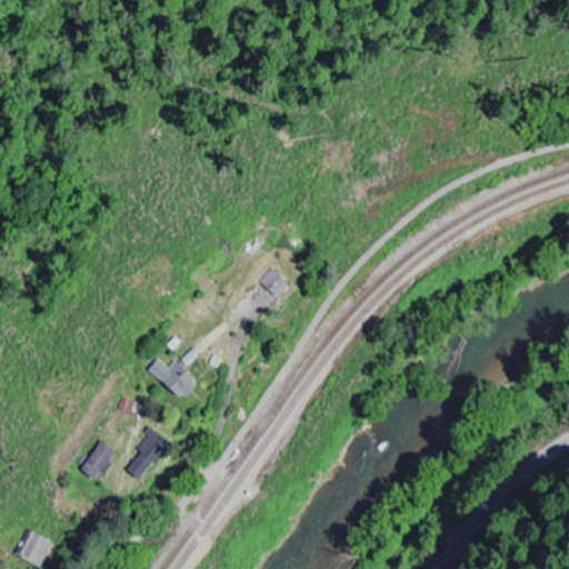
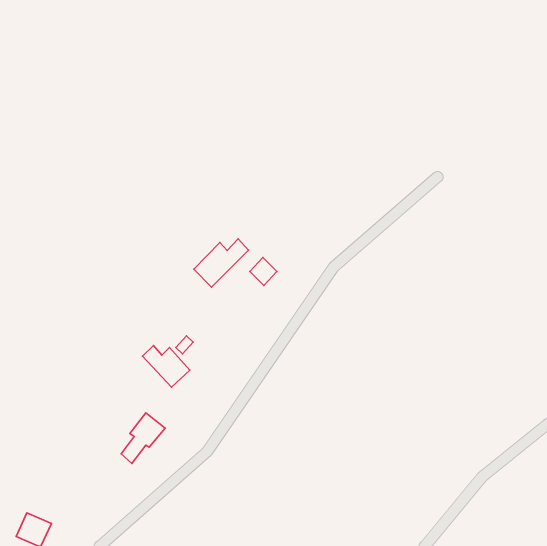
building: none -> [194,239,248,287]
building: [81,440,117,481] -> none

